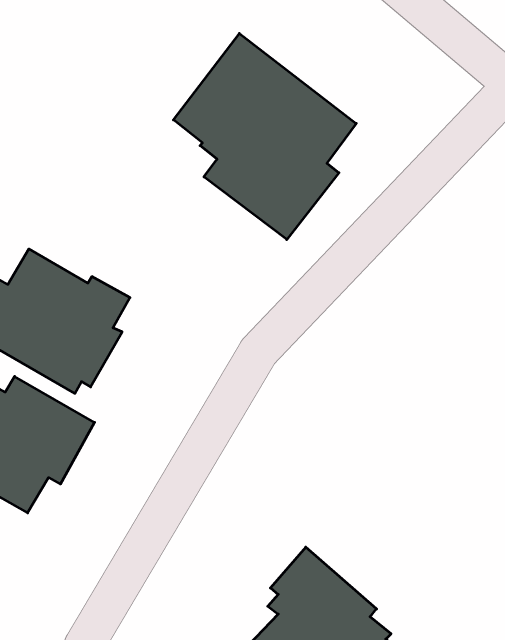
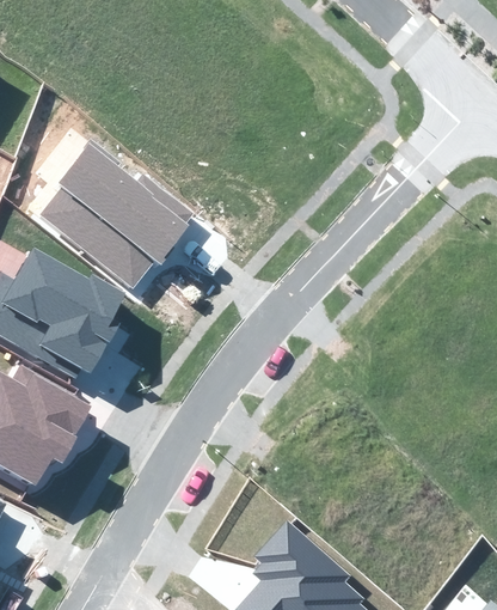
building: [173,33,356,240] -> none
building: none -> [37,140,192,289]

